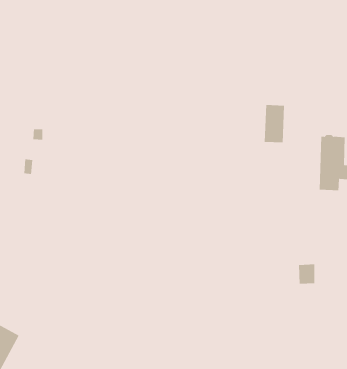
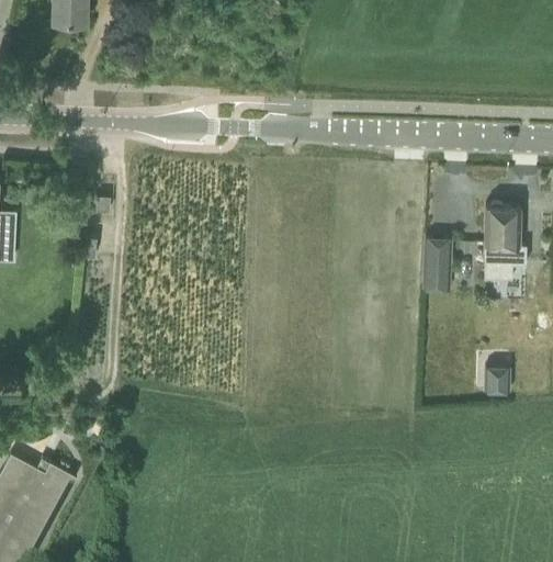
building: [264,105,285,143] -> [421,238,450,290]
building: [298,264,315,284] -> [486,367,509,394]

